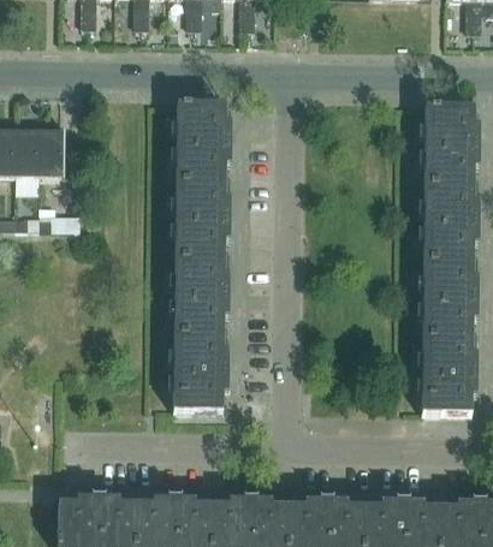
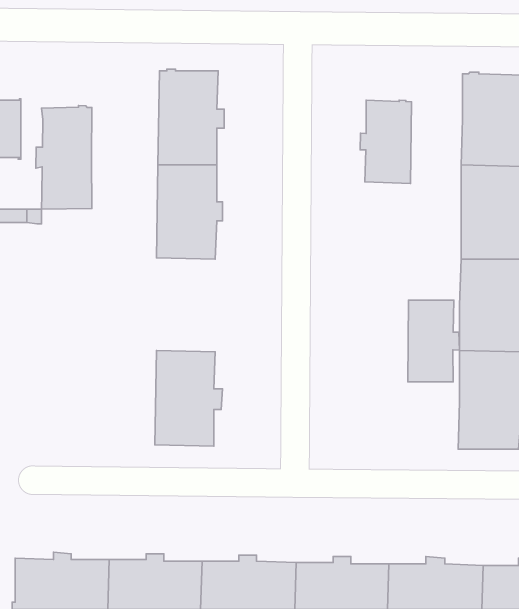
building: none -> [360,100,412,183]
building: none -> [36,106,92,209]
building: [176,256,230,333] -> none
building: none -> [408,300,460,382]

